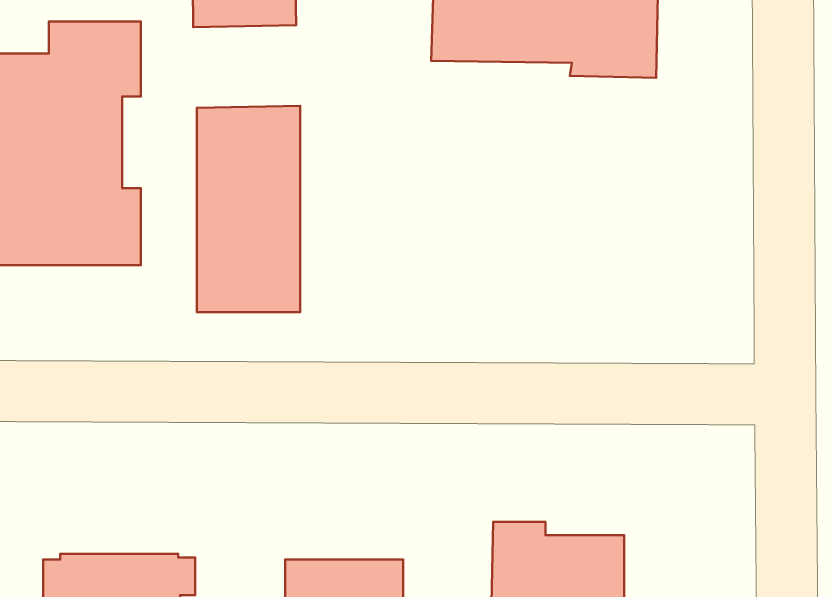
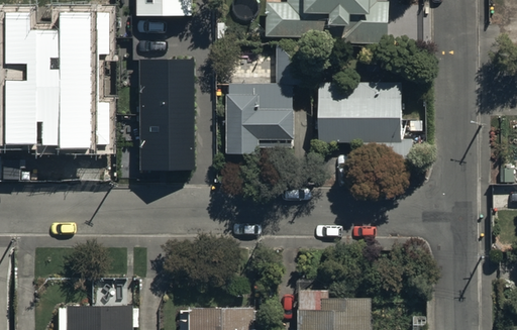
building: none -> [225,45,310,155]
building: none -> [312,83,407,168]

